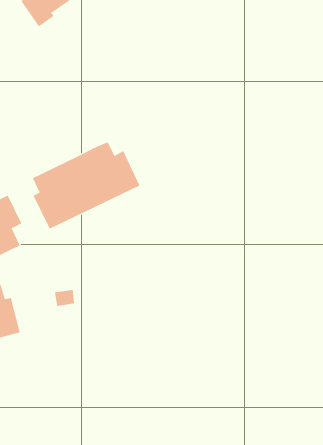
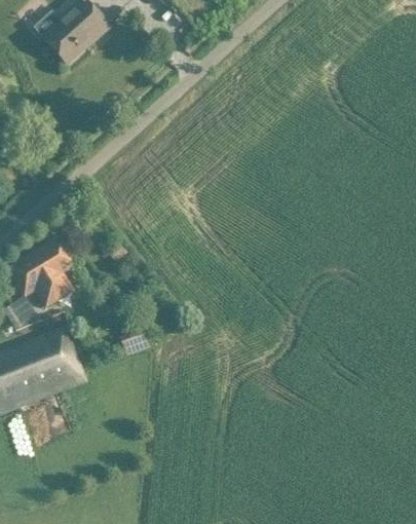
building: [32,141,140,229] -> none

